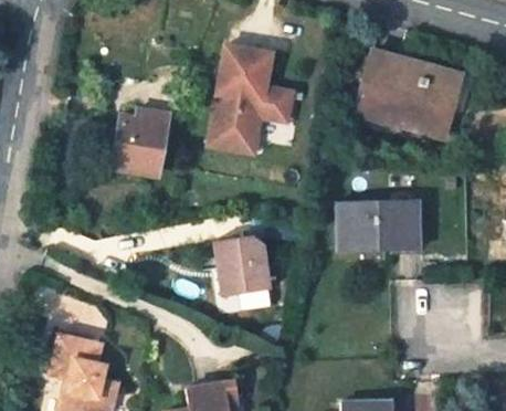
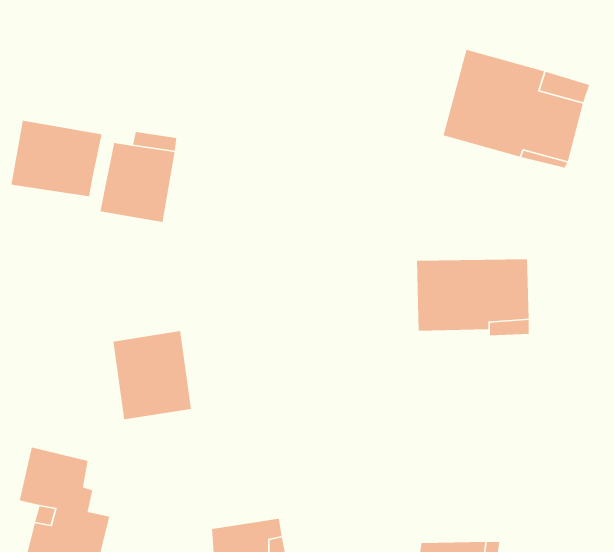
building: [209,48,294,155] -> none
building: none -> [10,120,102,197]
building: [213,233,270,297] -> [113,330,192,420]

